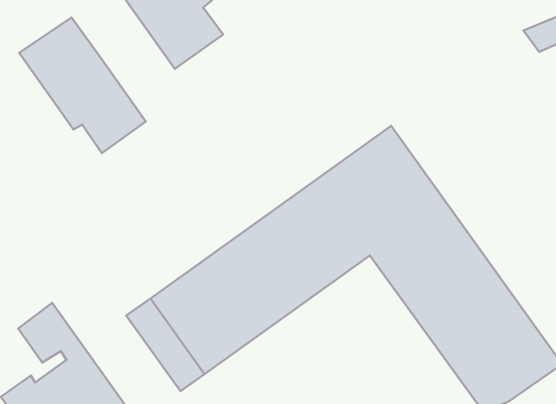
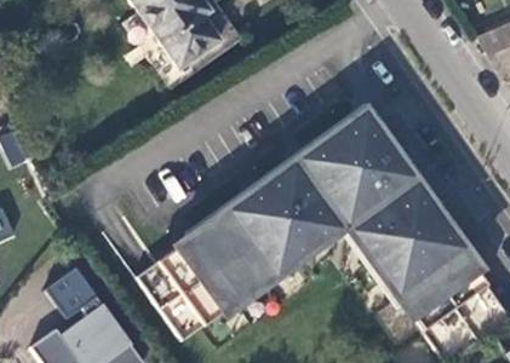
building: [19,17,146,153] -> none

